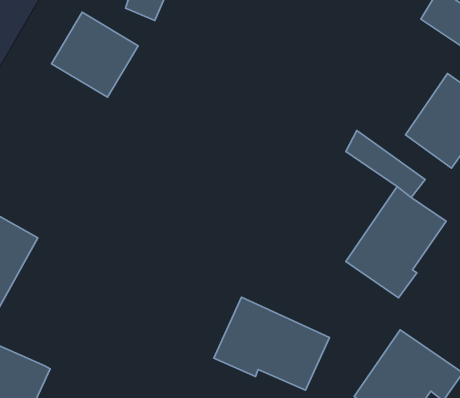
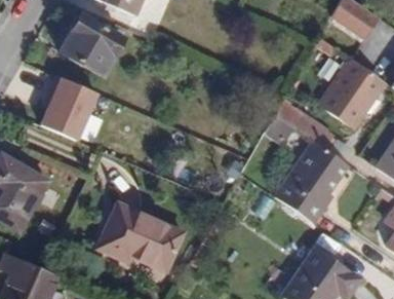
building: none -> [44,76,107,143]
building: [214,297,329,390] -> [97,202,183,271]

